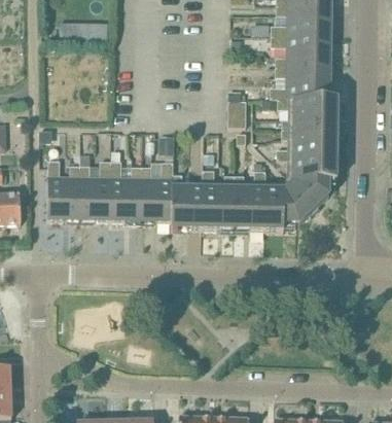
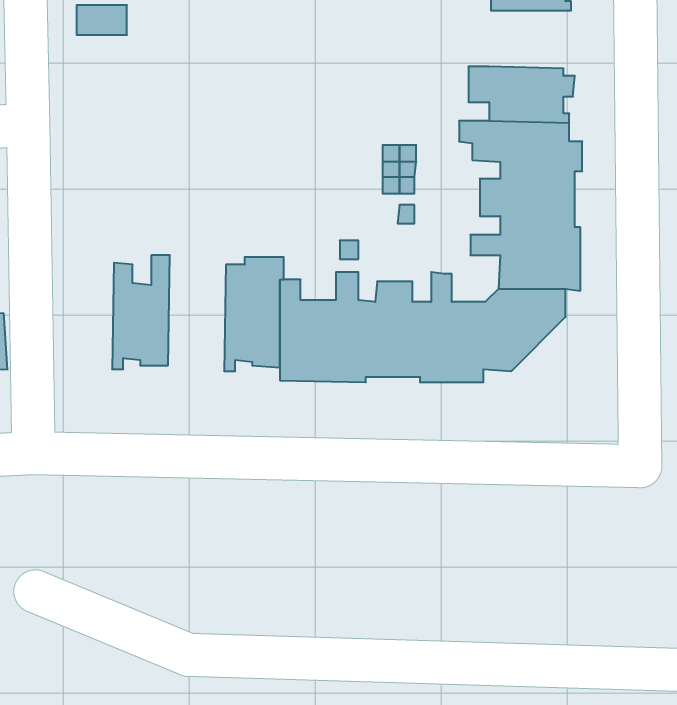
building: [271,24,331,57] -> none
building: [47,158,79,222] -> none
building: [109,160,141,223] -> none

